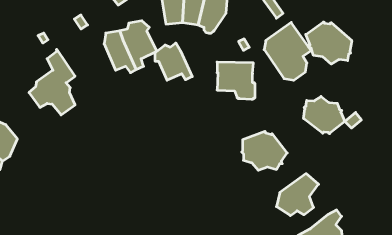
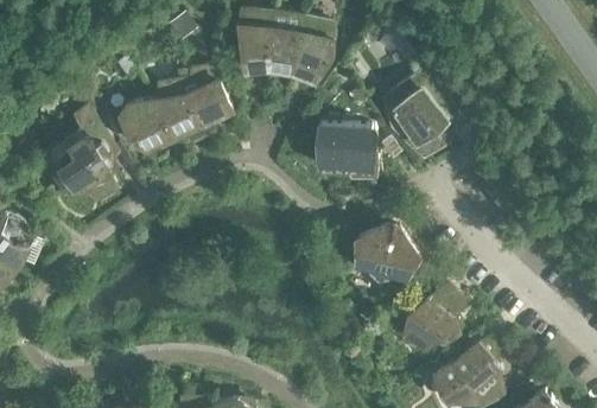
building: [306,22,352,64] -> none
building: [155,43,192,80] -> none
building: none -> [119,100,172,151]
building: [304,96,345,134] -> none

